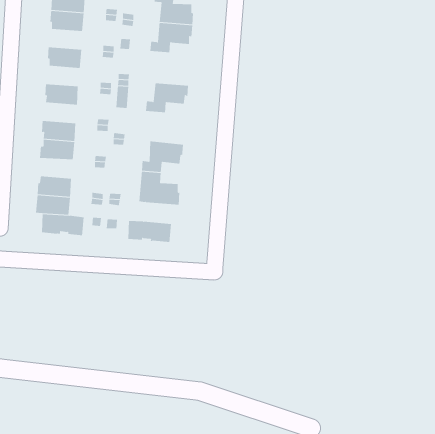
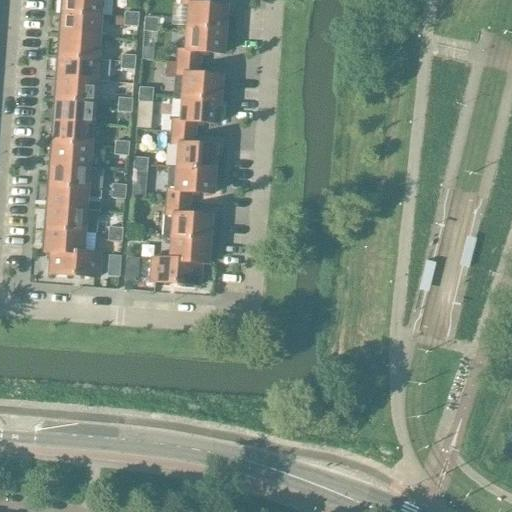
building: none -> [58,34,99,58]
building: none -> [175,60,224,100]
building: none -> [55,77,96,101]
building: none -> [51,120,93,144]
building: none -> [171,130,218,169]
building: none -> [47,185,88,209]
building: none -> [170,237,212,262]

